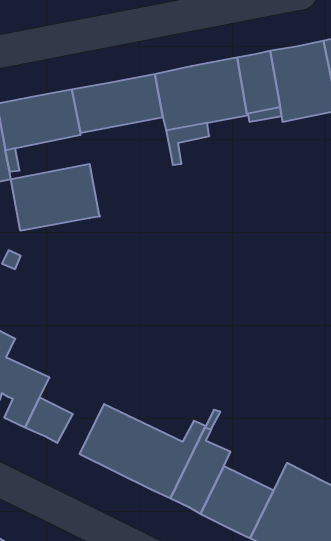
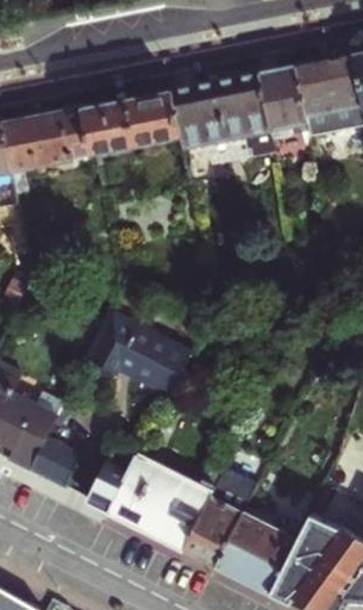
building: [11,164,100,231] -> none
building: none -> [85,312,187,393]

